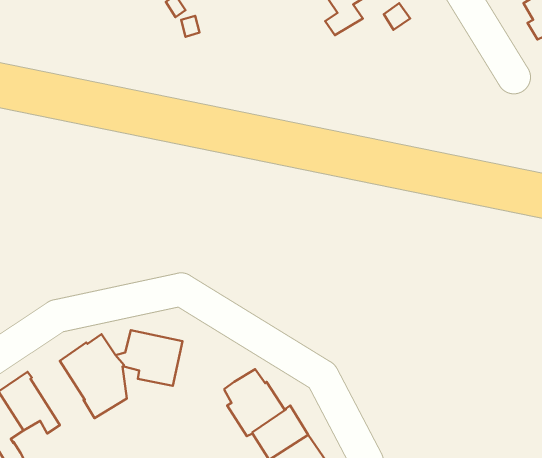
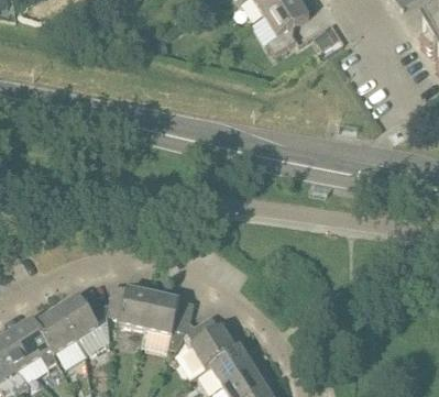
building: none -> [146,291,195,346]
building: none -> [34,307,77,352]

